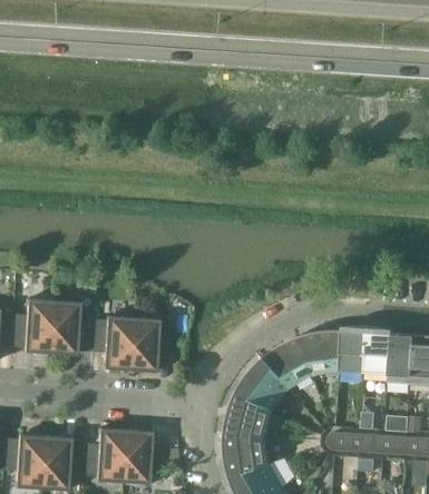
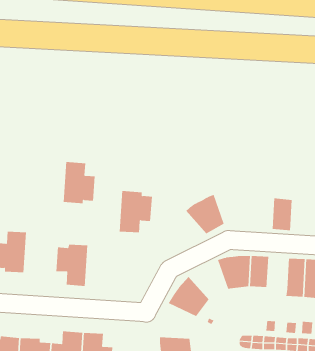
building: [49,300,91,355] -> [63,161,96,204]
building: [128,317,172,372] -> [119,190,153,233]
building: [362,332,389,374] -> [272,198,293,231]
building: [261,336,311,387] -> [186,194,224,234]
building: [223,392,271,437] -> none

